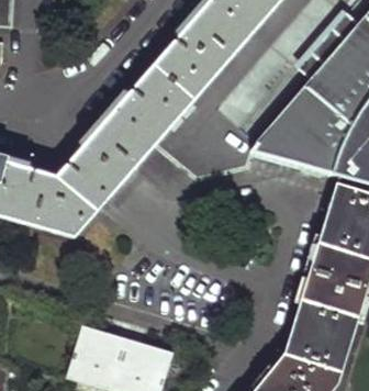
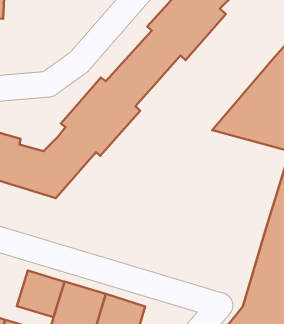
building: none -> [17,271,64,317]

